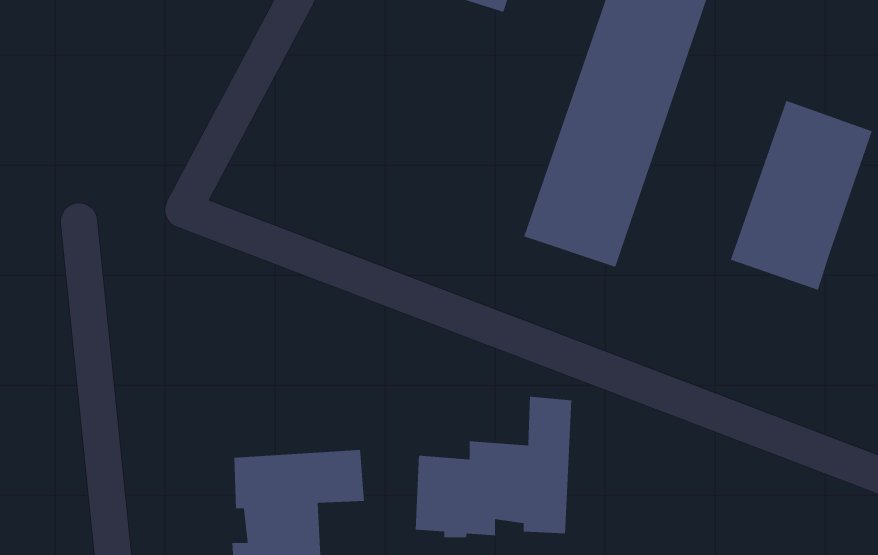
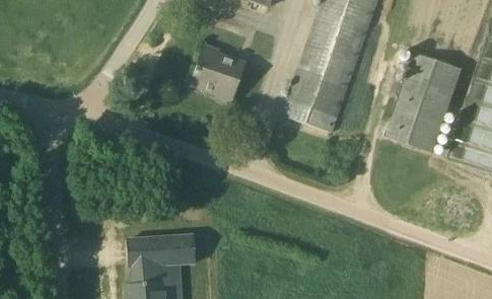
building: none -> [190,46,245,100]
building: [415,396,572,538] -> none

